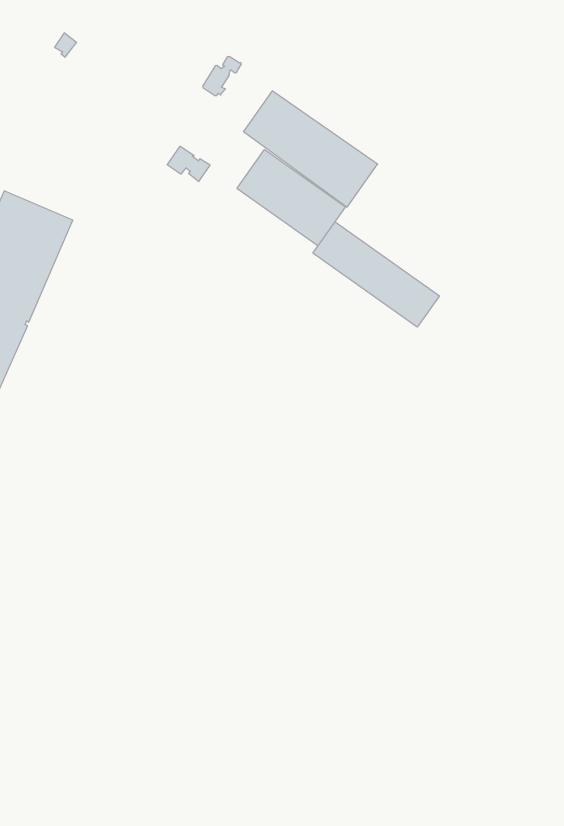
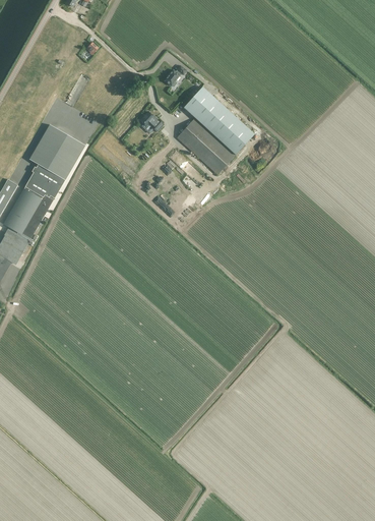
building: [313,222,439,327] -> none

